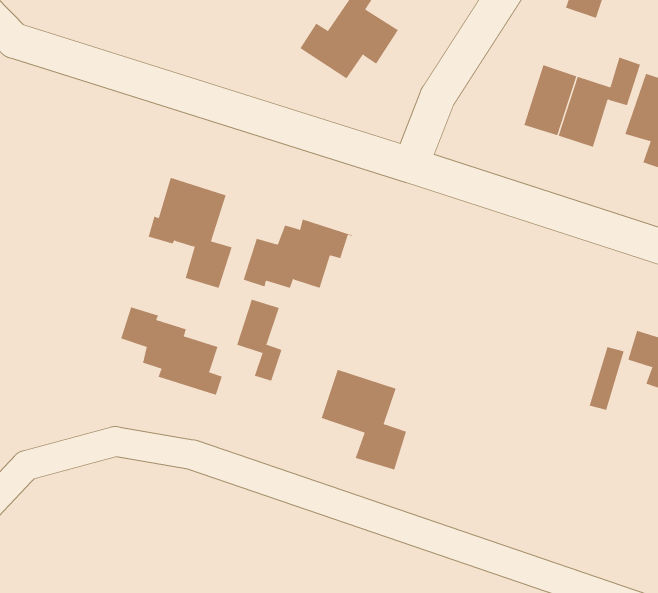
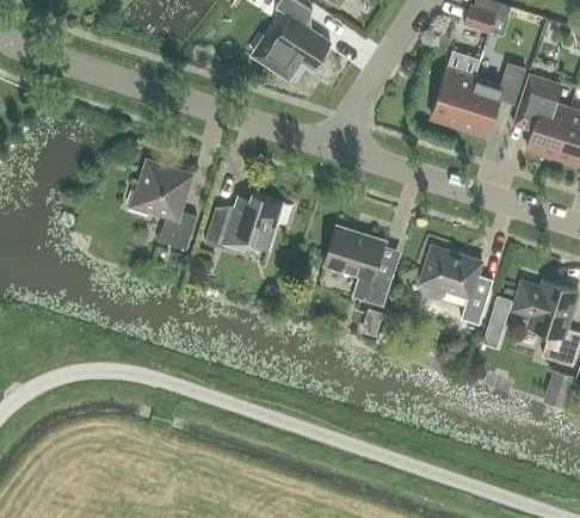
building: none -> [420,245,492,310]
building: [237,299,282,382] -> none
building: [121,306,223,397] -> none
building: [321,369,407,470] -> [323,224,393,306]

